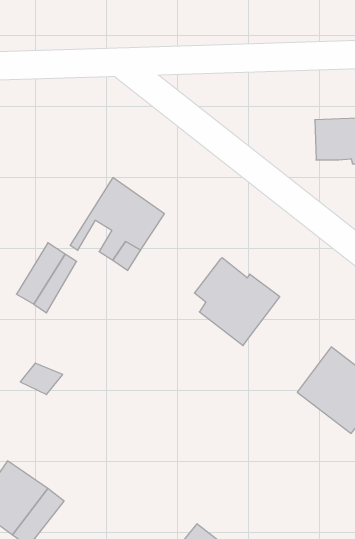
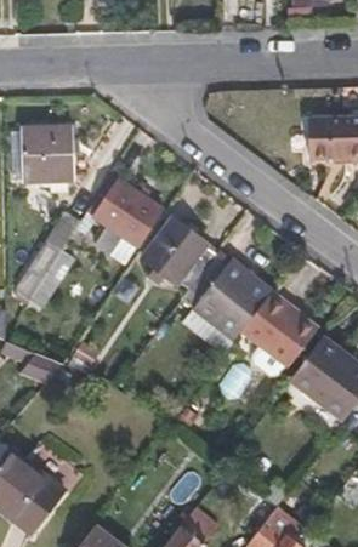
building: none -> [21,127,75,182]
building: none -> [143,218,215,289]
building: none -> [243,290,320,366]

